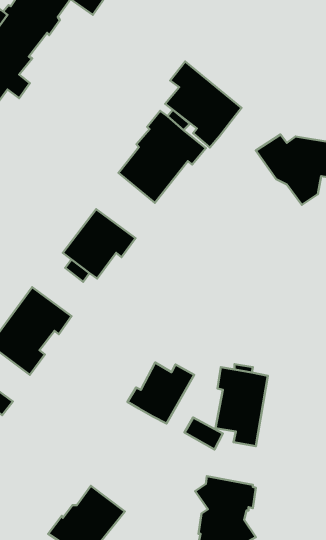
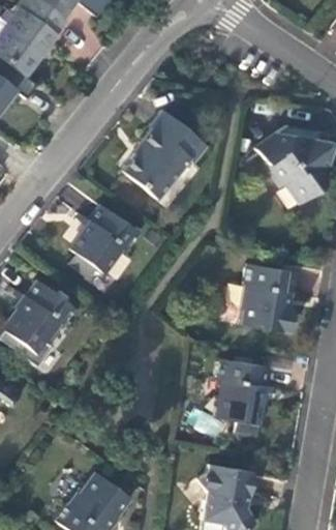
building: [165,61,241,147] -> none
building: none -> [243,263,296,332]
building: [128,363,194,424] -> none

